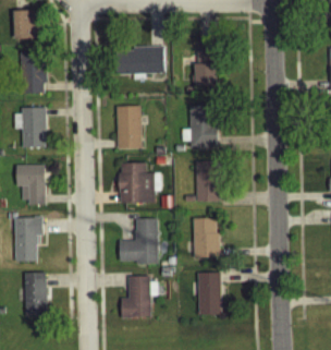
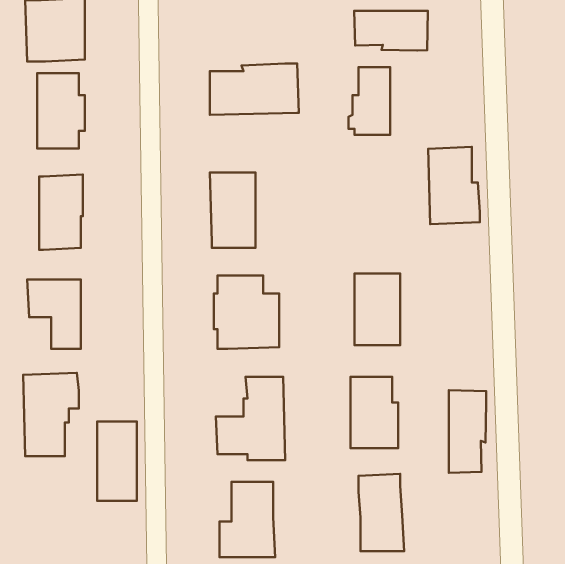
building: none -> [354,11,428,51]
building: [188,105,217,147] -> [428,147,480,224]
building: none -> [449,390,486,473]
building: [24,273,46,316] -> [97,422,137,501]

